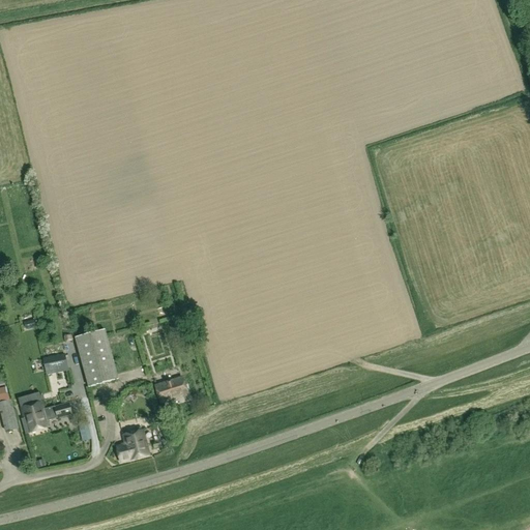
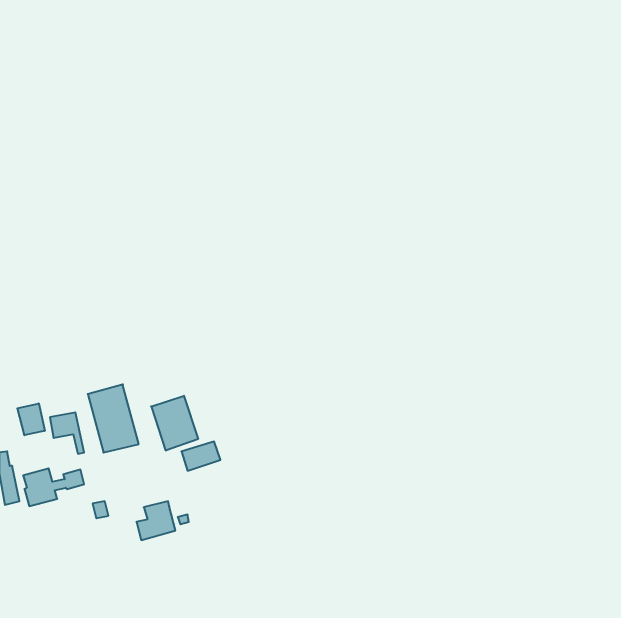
building: none -> [151,396,198,451]
building: none -> [17,403,45,435]

